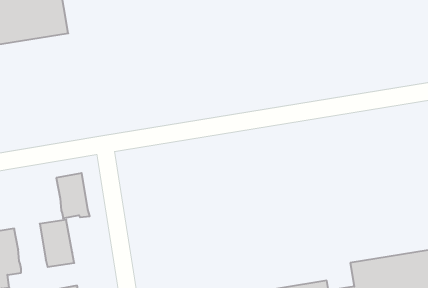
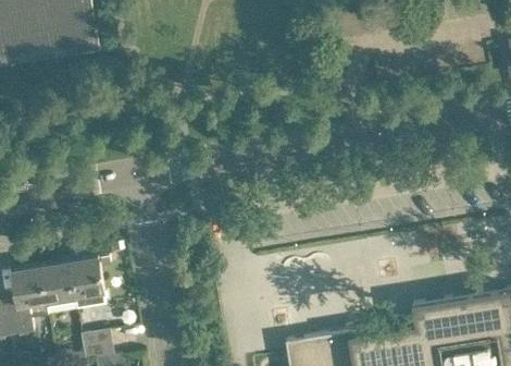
building: [56,173,90,218] -> [36,261,73,312]

